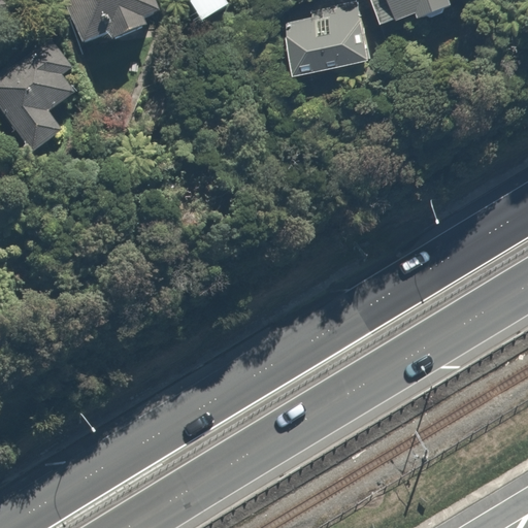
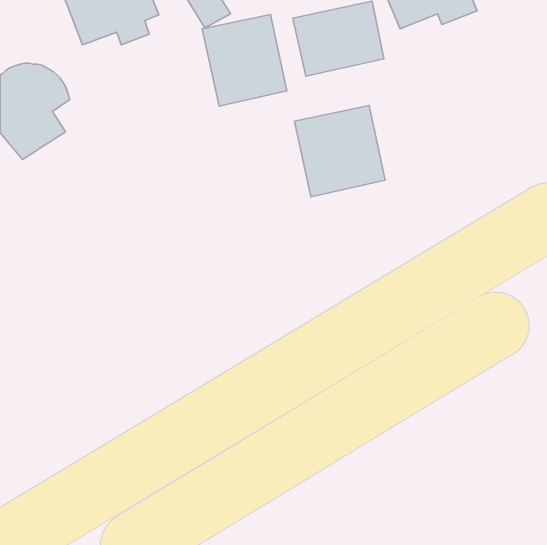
building: none -> [202,14,287,106]
building: none -> [295,105,385,197]

